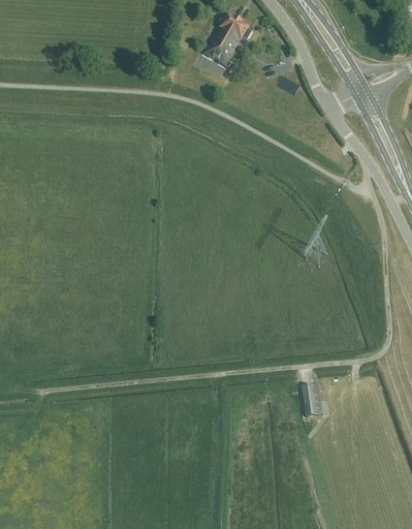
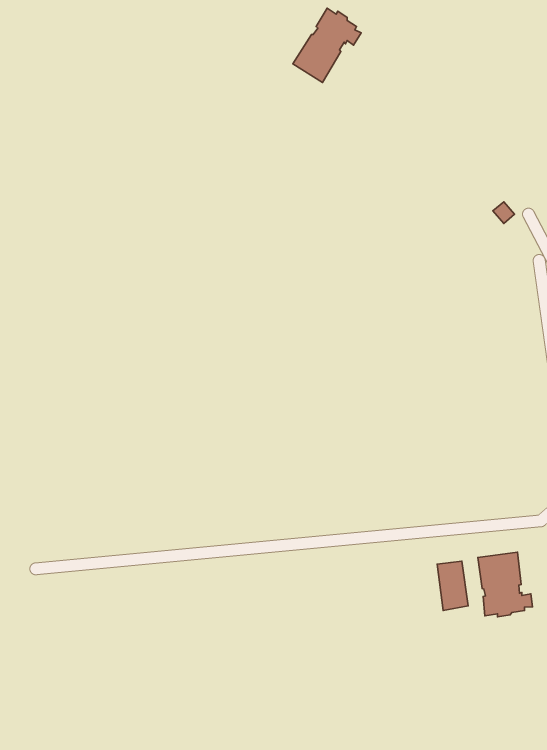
building: none -> [478,552,532,617]

